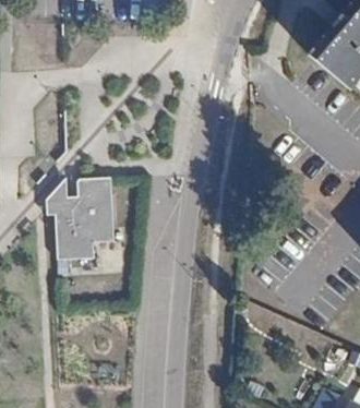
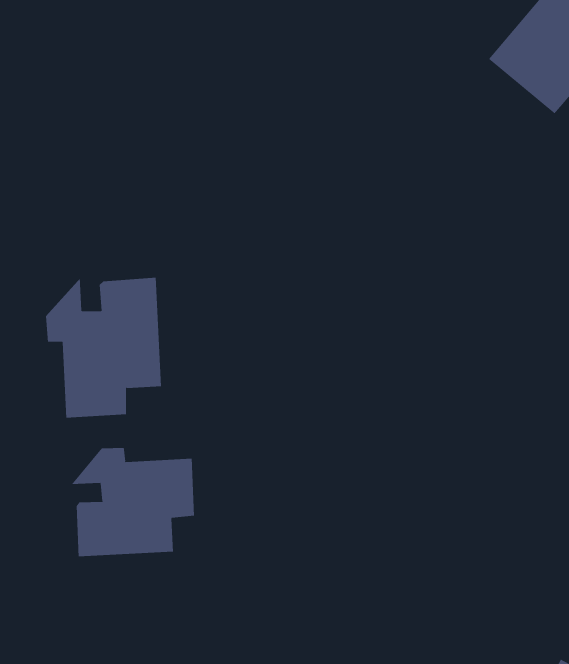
building: none -> [71,447,195,557]

